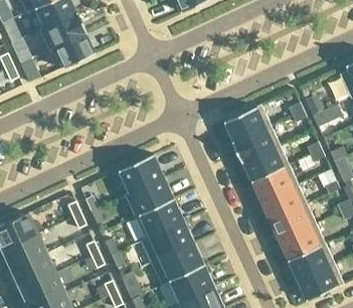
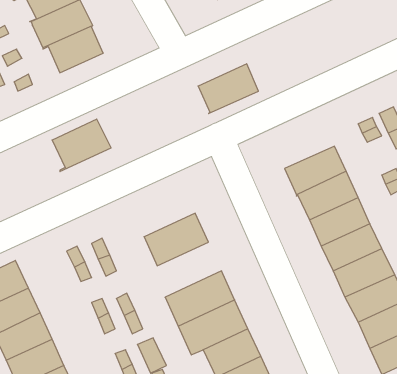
building: [224,104,271,142] -> [198,64,258,114]
building: [119,154,164,194] -> [52,119,111,172]
building: [135,198,184,241] -> none

